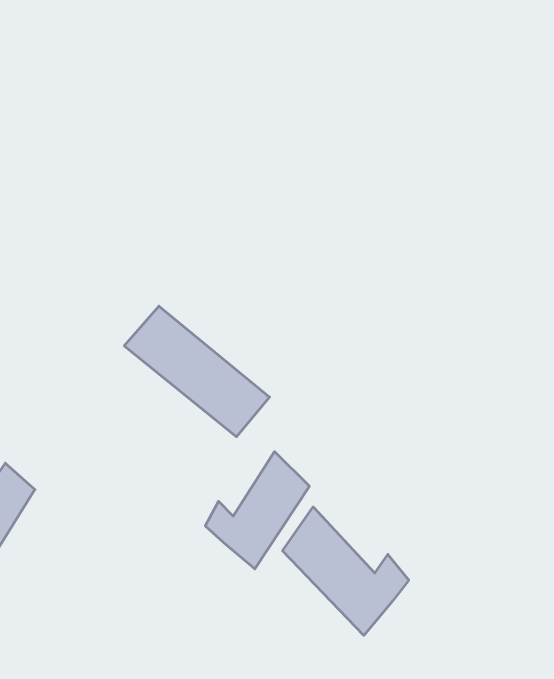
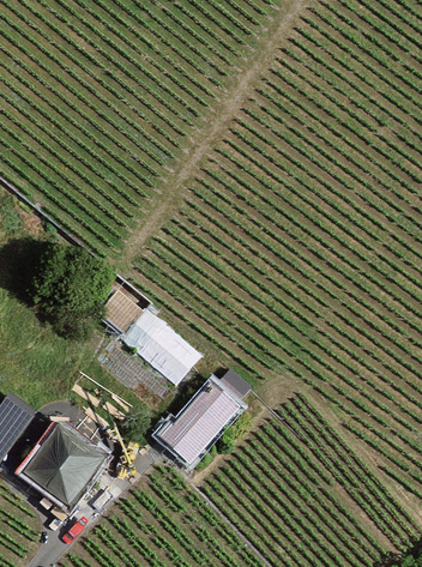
building: [283,507,409,635] -> none
building: none -> [24,424,100,514]

